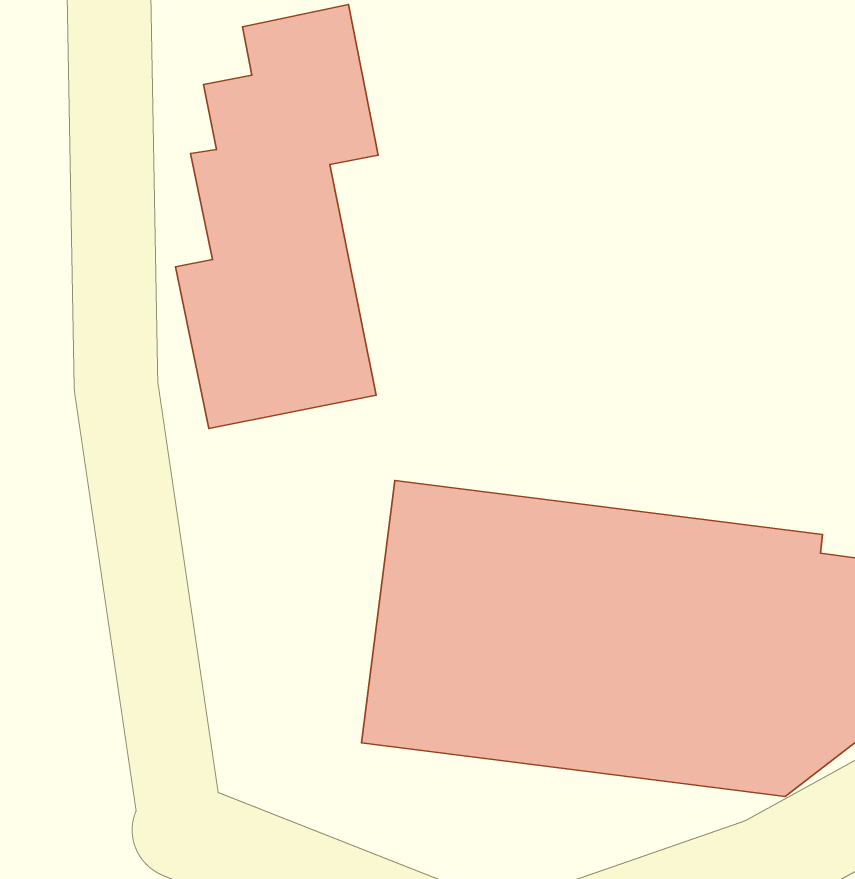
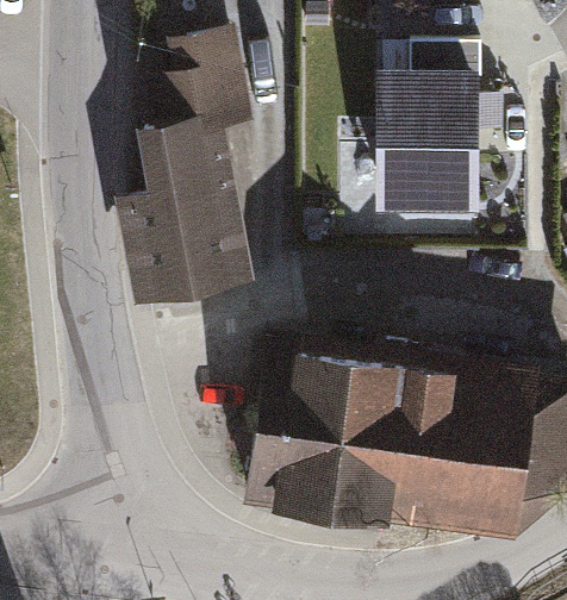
building: none -> [375,70,479,214]

